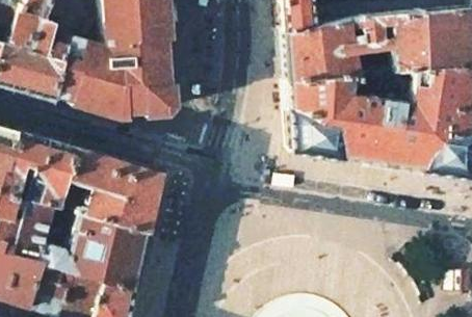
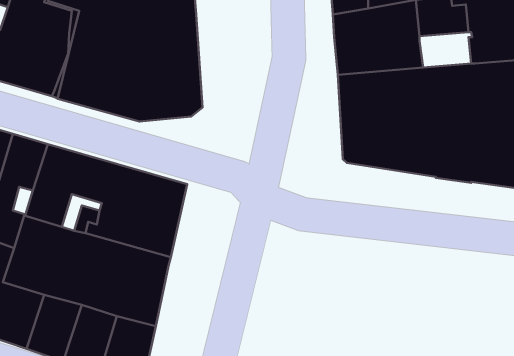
building: [353,49,396,74] -> none

